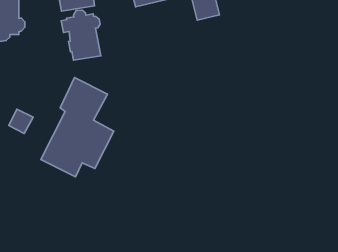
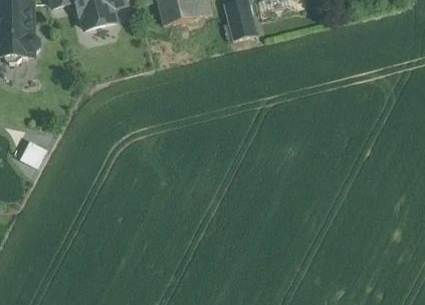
building: [61,10,101,60] -> none
building: [41,77,114,177] -> none

